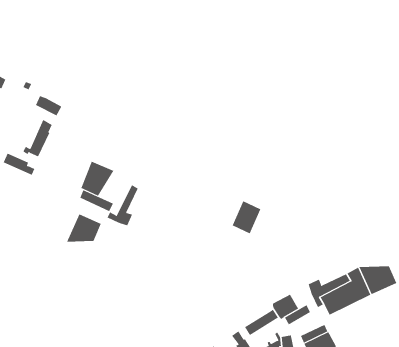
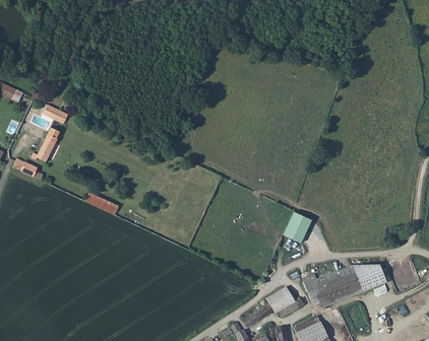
building: [80,161,114,196] -> none
building: [107,184,138,226] -> none
building: [232,201,261,234] -> [284,209,311,241]
building: [66,213,102,243] -> none

